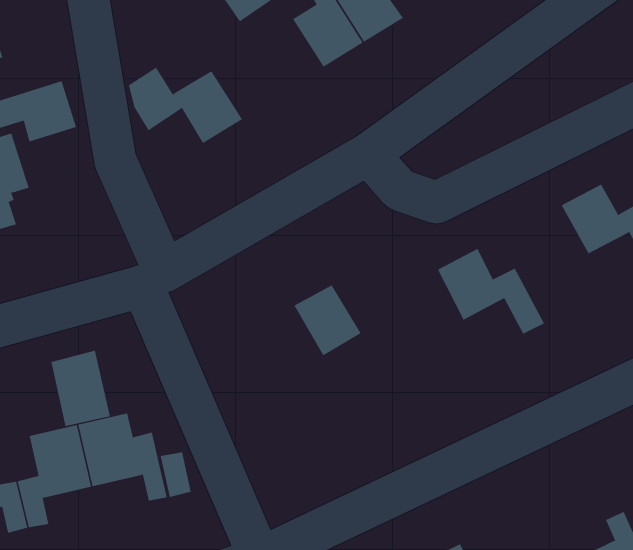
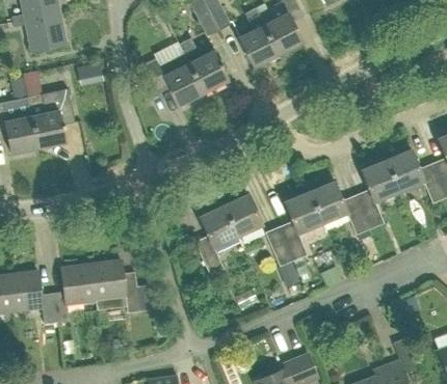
building: none -> [180,37,229,92]
building: none -> [356,160,399,228]
building: none -> [266,191,322,265]
building: none -> [194,204,238,274]
building: [51,350,111,427] -> none

